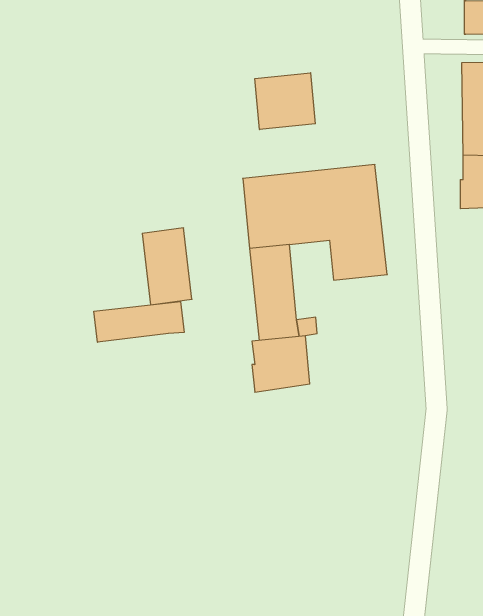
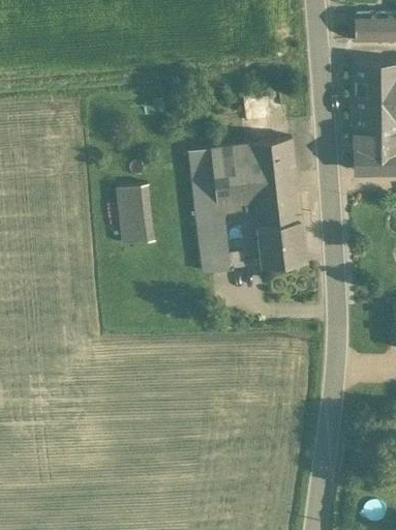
building: [255,73,315,130] -> none
building: [94,301,184,342] -> none
building: [252,336,310,392] -> [260,223,303,265]

